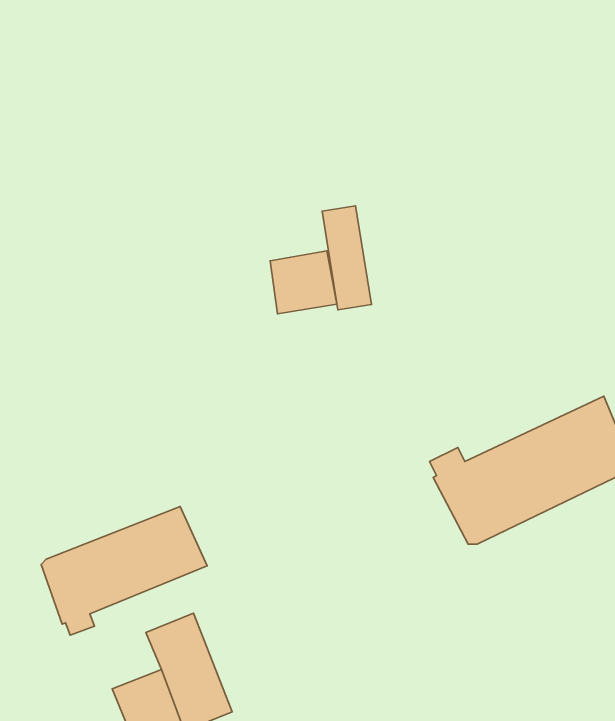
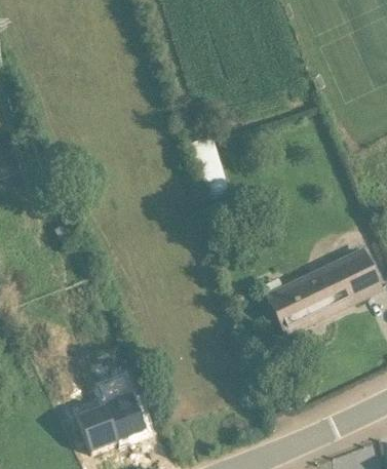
building: [270,251,337,314] -> none
building: [41,506,207,635] -> none

